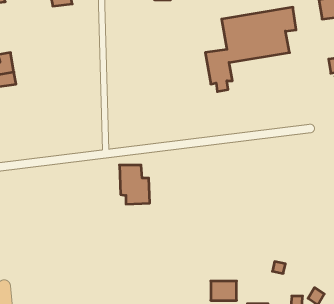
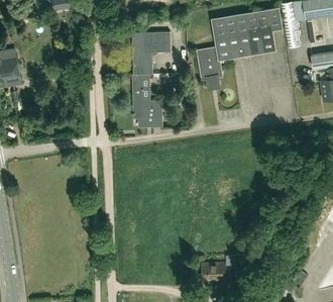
building: none -> [131,32,170,75]
building: [119,165,150,204] -> [133,90,161,126]

